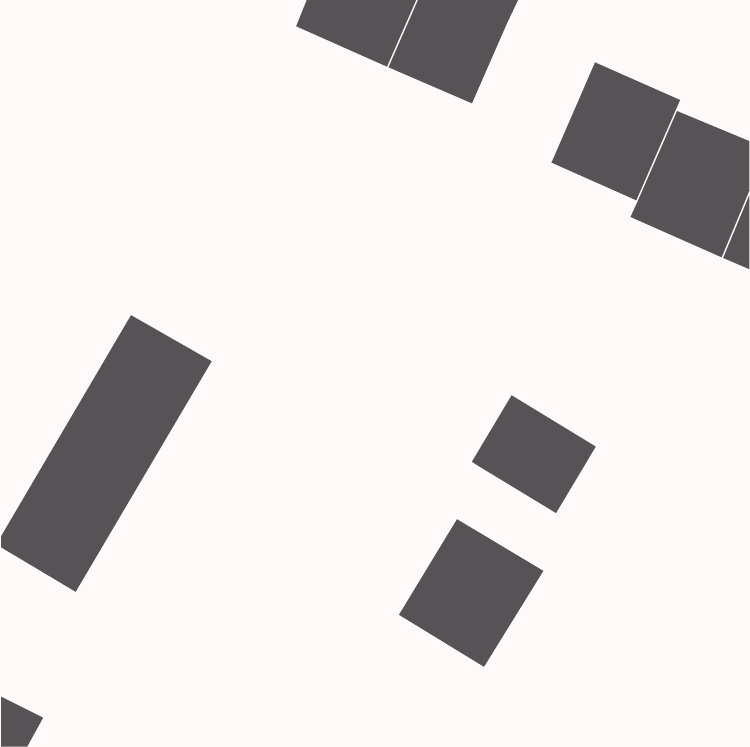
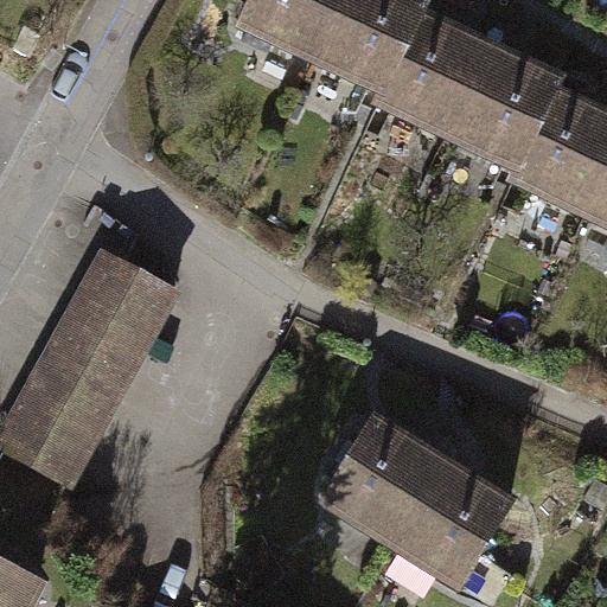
building: none -> [375,19,480,132]
building: [471,394,597,514] -> none
building: none -> [391,461,509,582]

